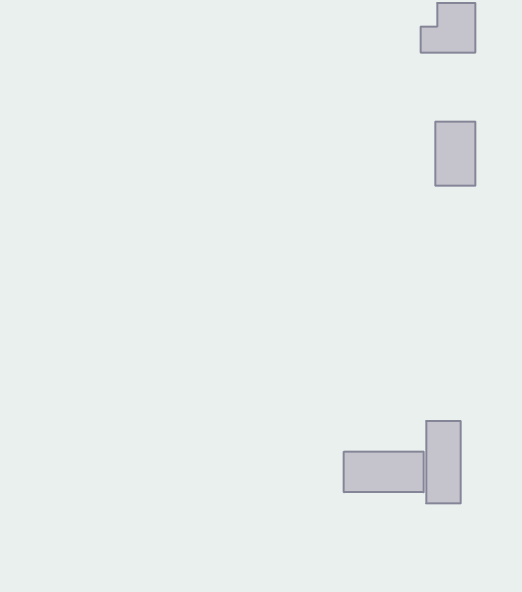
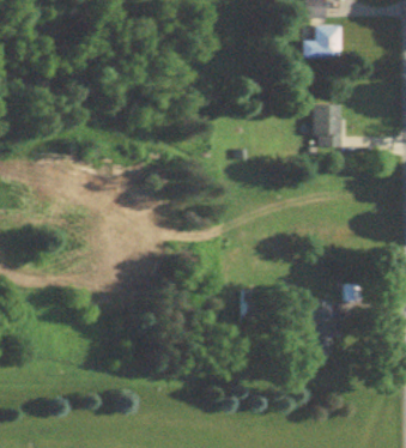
building: [344,452,424,492] -> none

